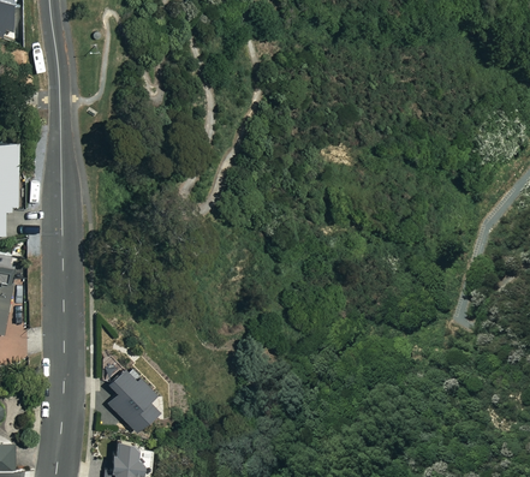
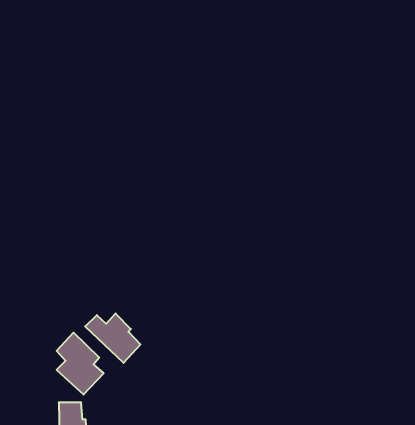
building: none -> [85,313,140,363]

